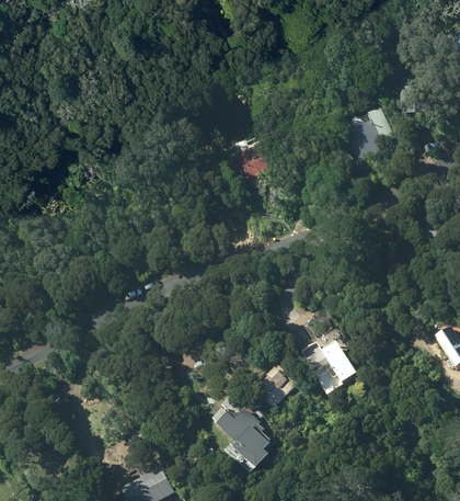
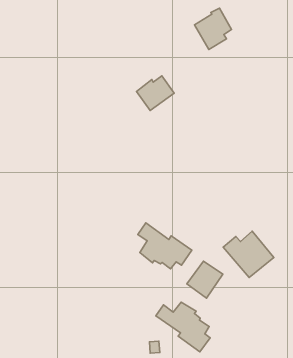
building: [348,109,390,153] -> [194,8,232,49]
building: none -> [138,223,192,269]

